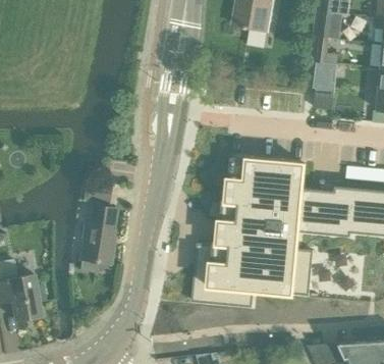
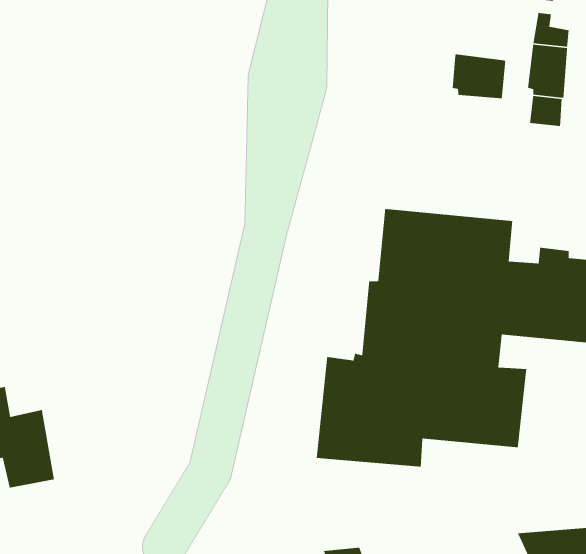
building: none -> [452,53,506,99]
building: [78,179,115,272] -> none

